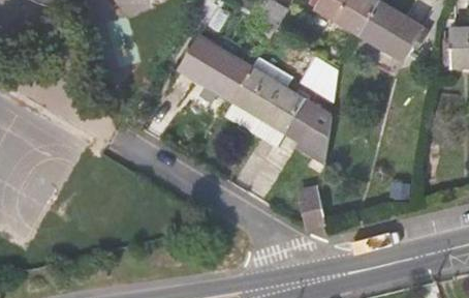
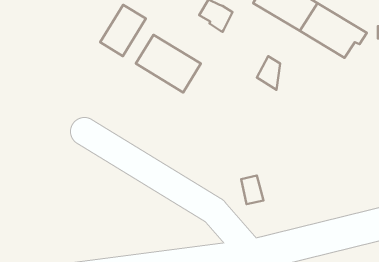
building: none -> [100,5,146,56]
building: [221,76,329,163] -> none

